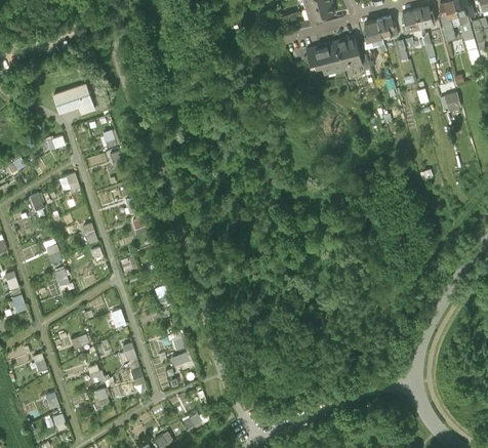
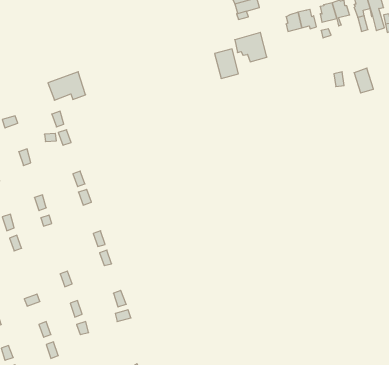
building: [335,37,362,70] -> [215,49,238,78]
building: [52,83,94,115] -> [48,72,86,100]

